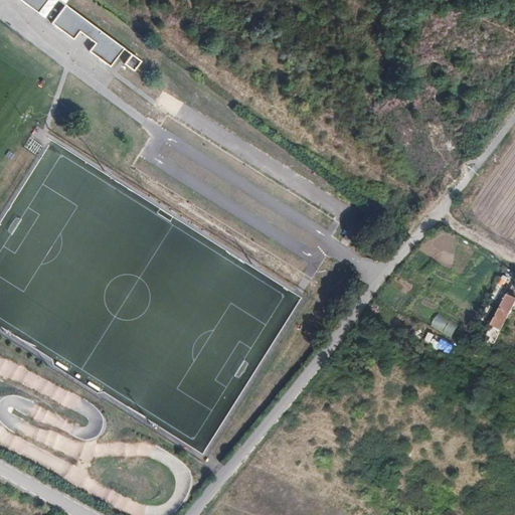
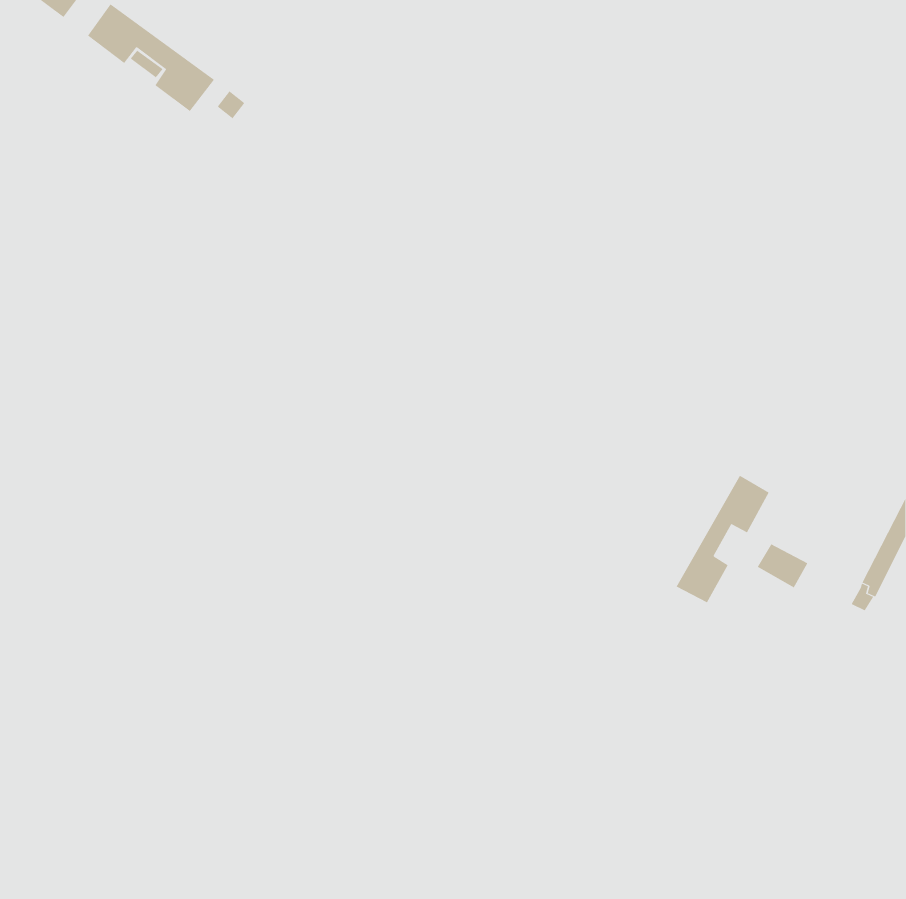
building: none -> [676,475,769,603]

